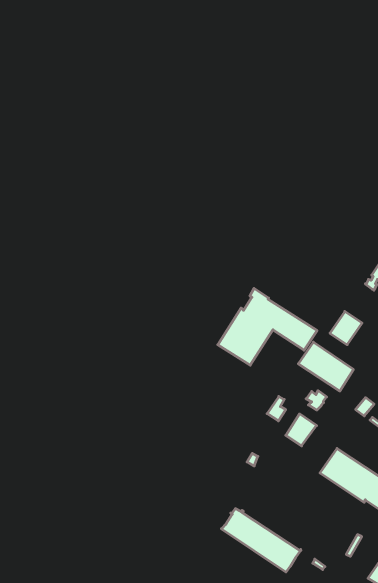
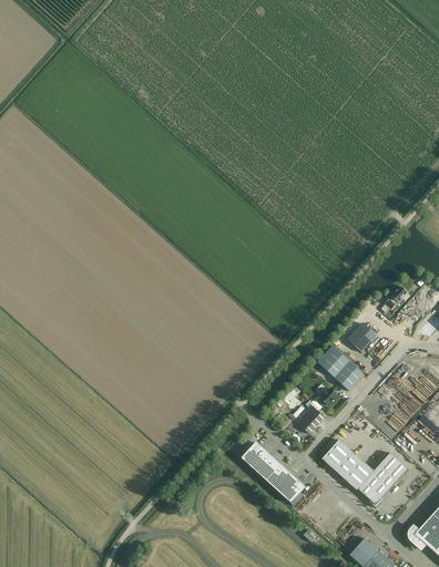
building: [218,288,317,365] -> none
building: [221,509,301,572] -> [241,442,306,503]

